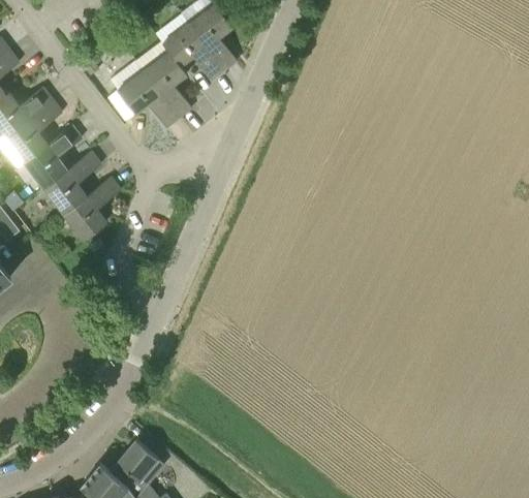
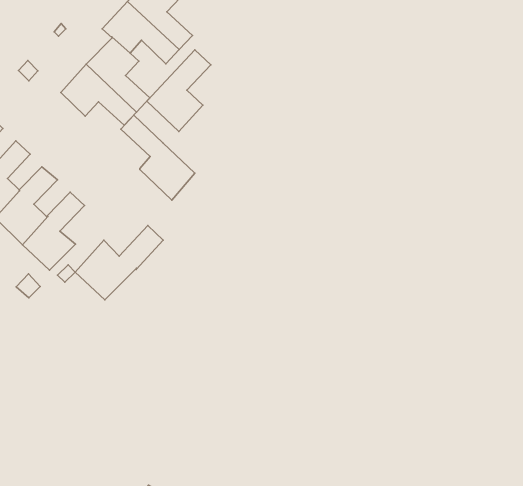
building: none -> [147,50,211,131]
building: none -> [121,115,195,200]
building: none -> [75,225,163,300]

